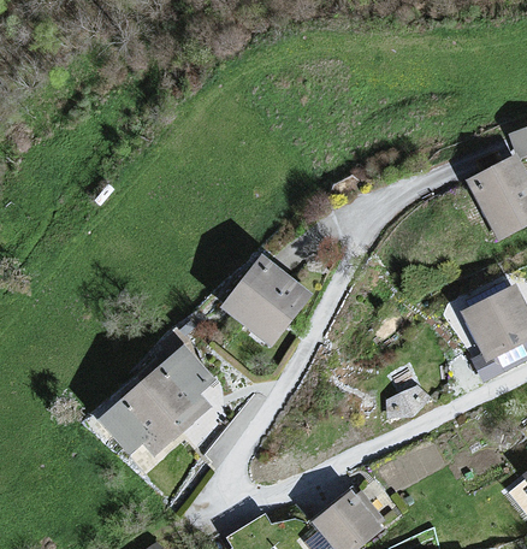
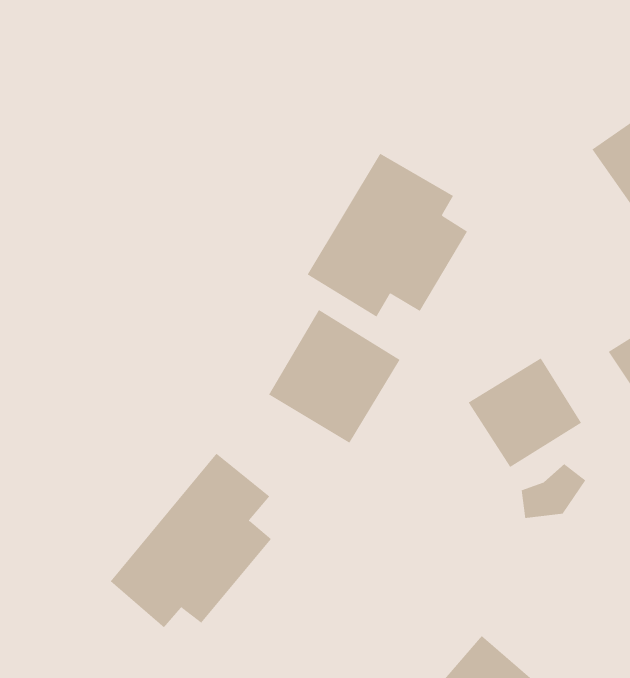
building: none -> [307,153,468,318]
building: none -> [468,357,582,468]

